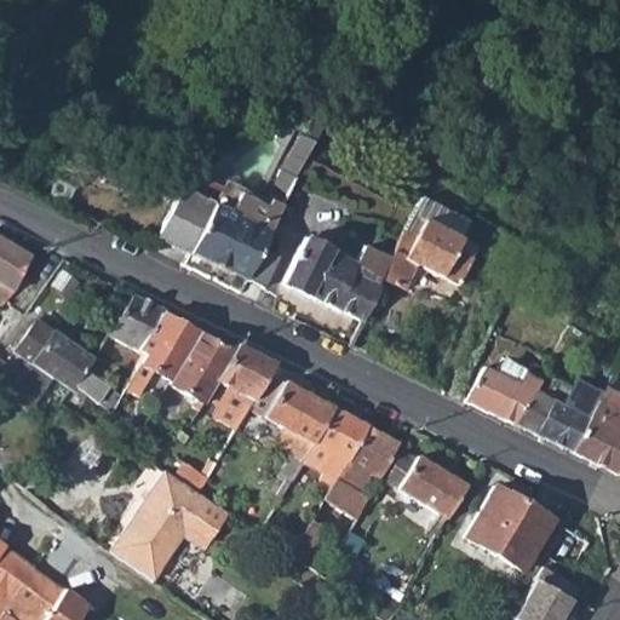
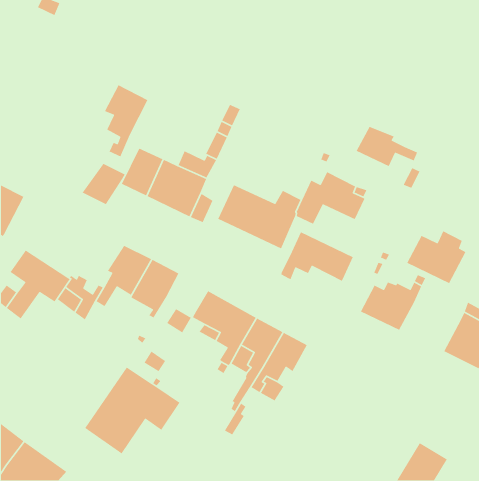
building: none -> [104,84,149,158]
building: none -> [356,126,418,167]
building: [110,293,167,348] -> [82,163,126,205]
building: none -> [281,231,354,282]
building: [219,343,277,398] -> none
building: [517,381,595,450] -> [406,230,467,284]
building: [388,448,467,538] -> none
building: [469,486,553,568] -> none

